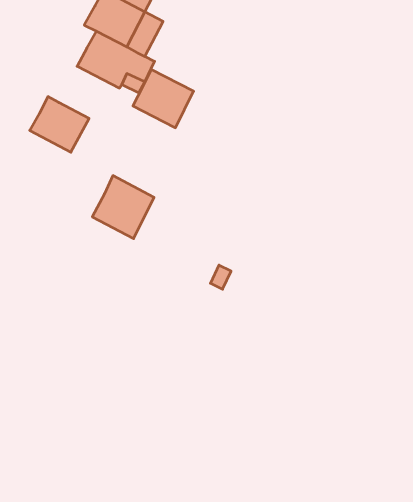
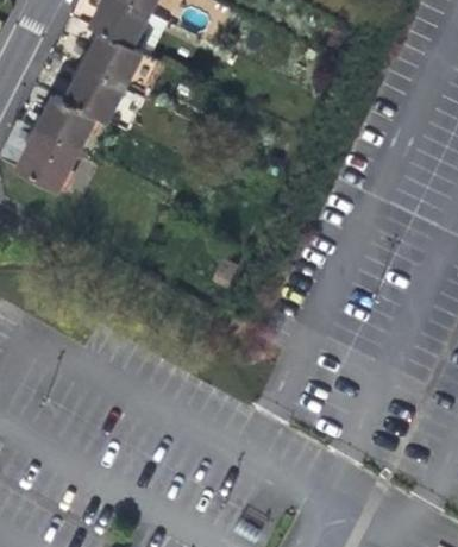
building: [133,69,194,128] -> [63,65,123,122]
building: [92,176,154,239] -> [14,128,75,190]

